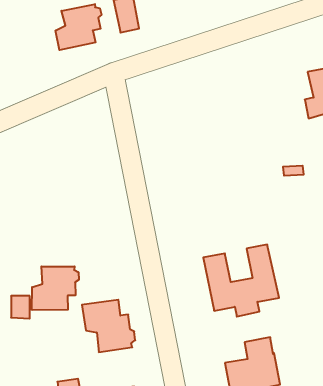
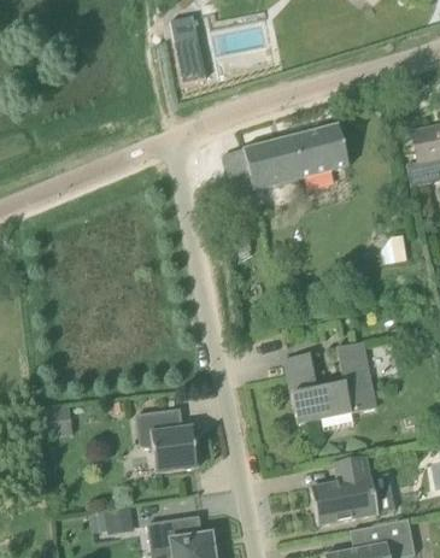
building: [56,4,101,50] -> none
building: none -> [242,123,348,189]
building: [32,266,79,310] -> none

